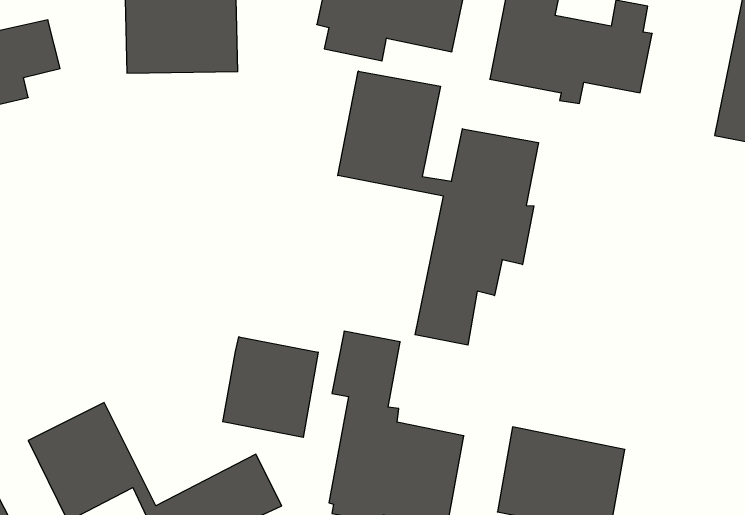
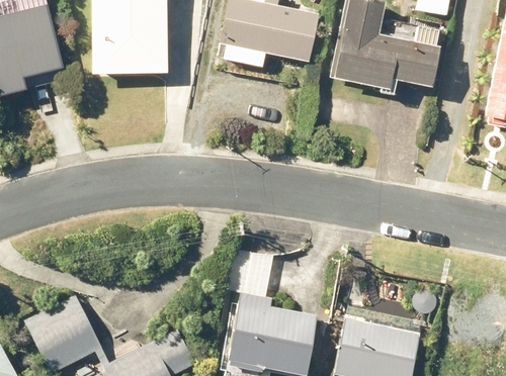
building: [338,71,538,345] -> none
building: [223,337,318,437] -> none

